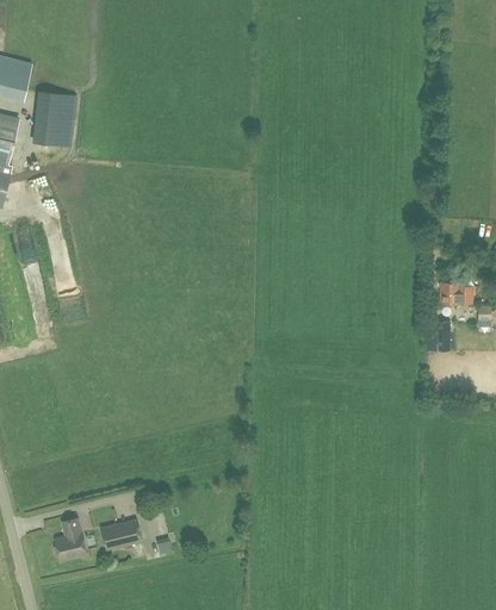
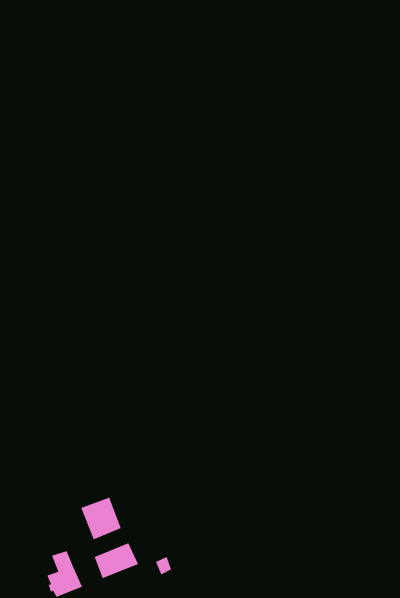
building: none -> [80,497,122,540]

